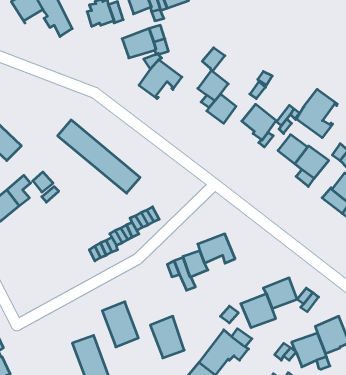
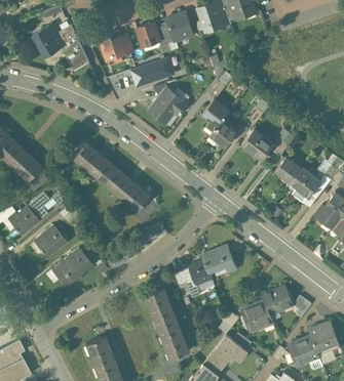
building: [296,89,337,138] -> none
building: none -> [34,225,67,257]
building: none -> [51,248,92,287]
building: [102,302,138,347] -> [146,289,179,330]

